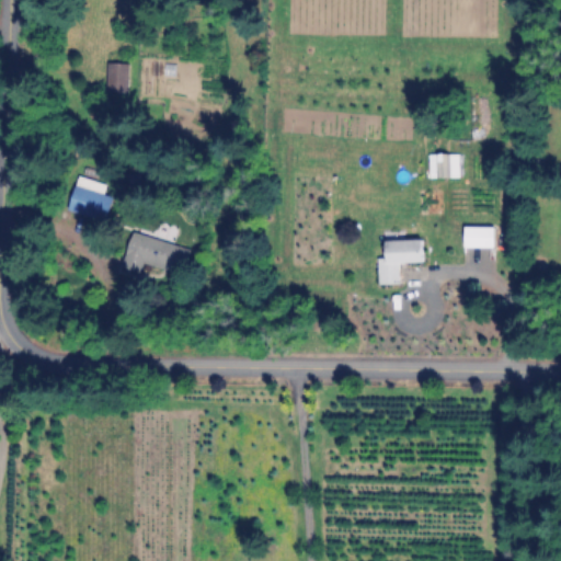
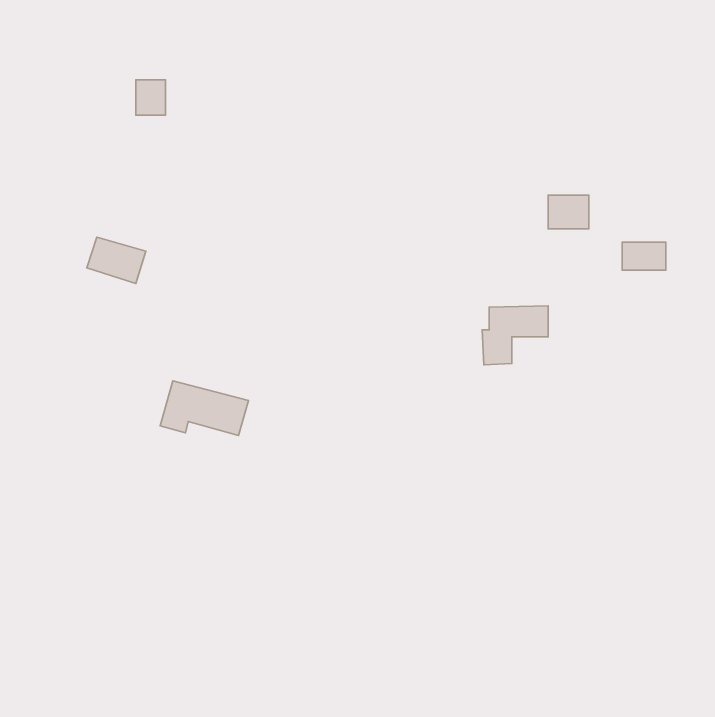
building: [463,226,497,248] -> [622,242,666,270]
building: [122,232,191,275] -> [160,381,248,436]

